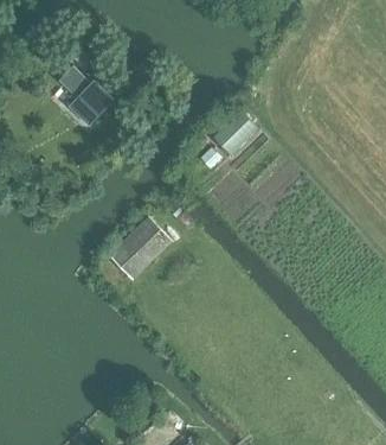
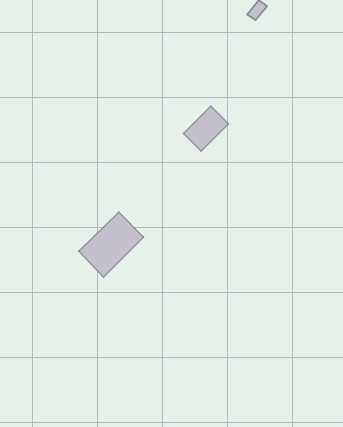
building: [60,68,115,127] -> none

